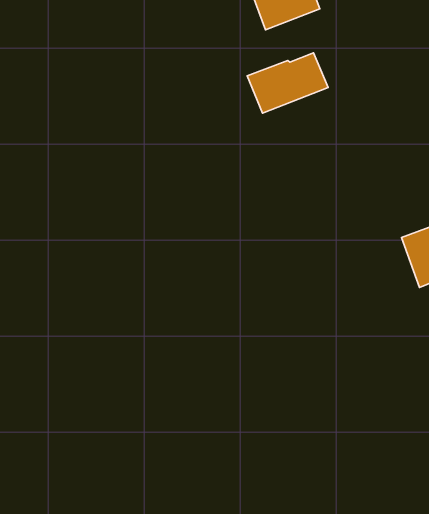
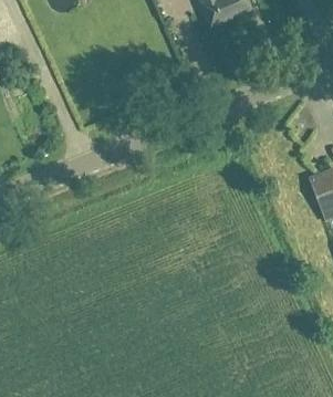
building: [247,53,328,113] -> none

